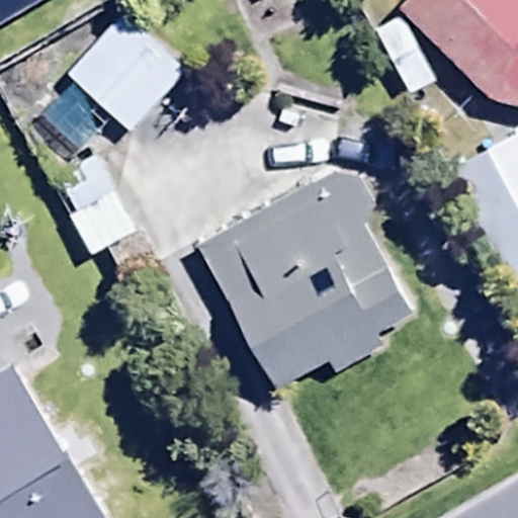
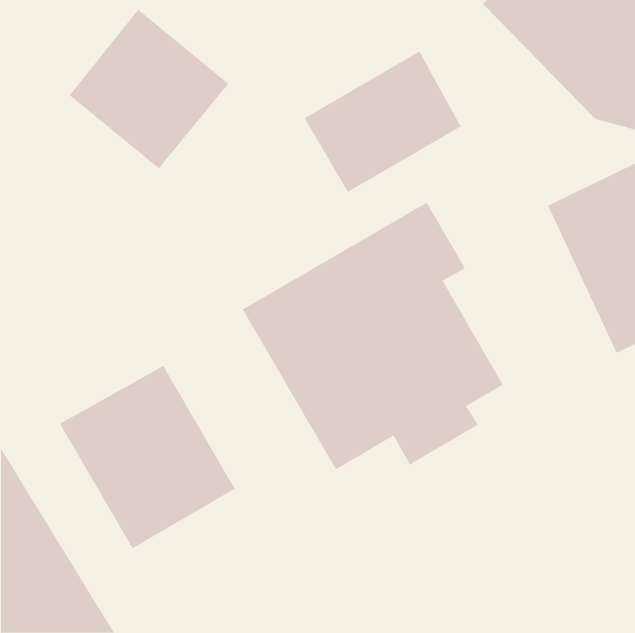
building: none -> [304,50,462,193]
building: none -> [59,365,235,549]

